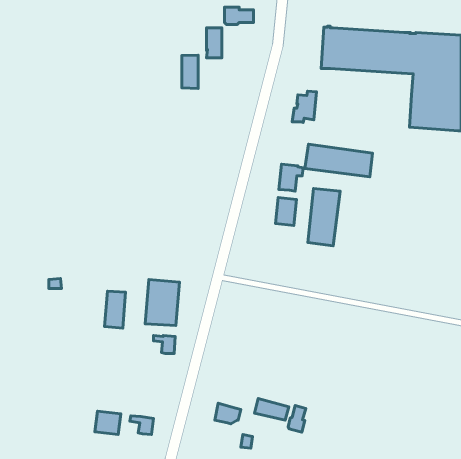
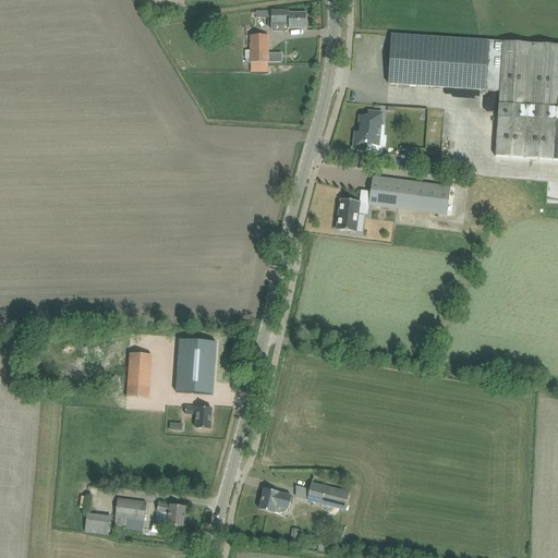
building: [182,55,198,88] -> none
building: [308,188,340,246] -> none
building: [276,198,296,225] -> none
building: [288,406,306,432] -> none
building: none -> [84,511,111,534]

